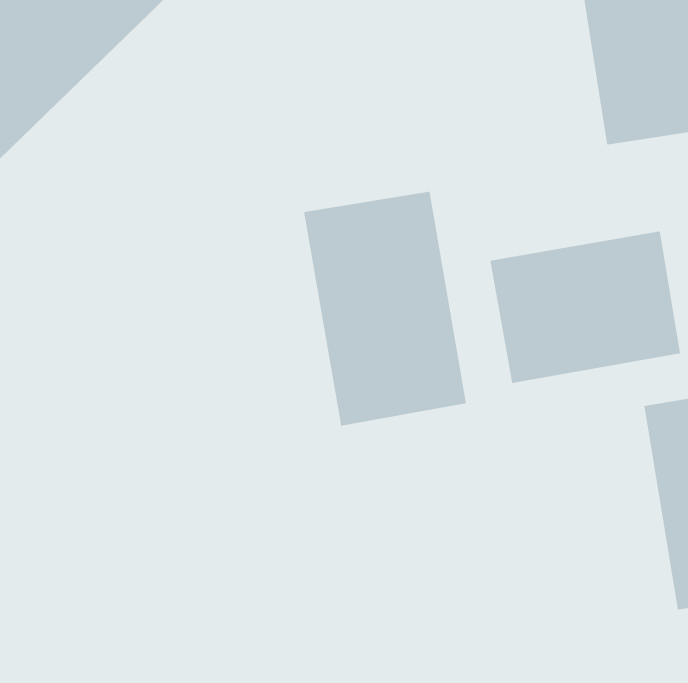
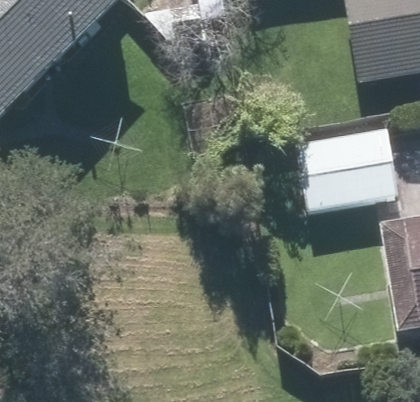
building: [304,191,466,427] -> none

